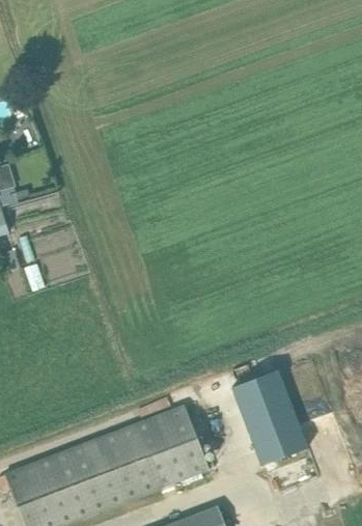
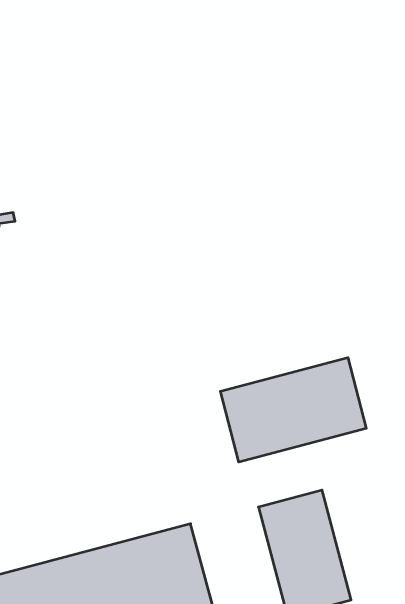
building: none -> [220,358,366,462]

